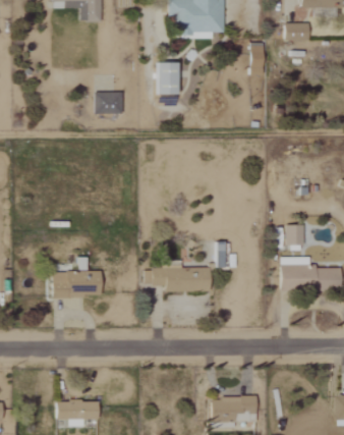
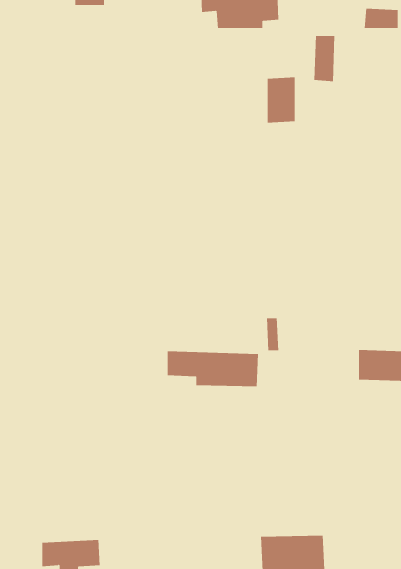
building: [157,62,177,95] -> [267,77,296,123]
building: [95,93,123,114] -> none
building: [286,224,304,244] -> none
building: [53,270,101,296] -> none

